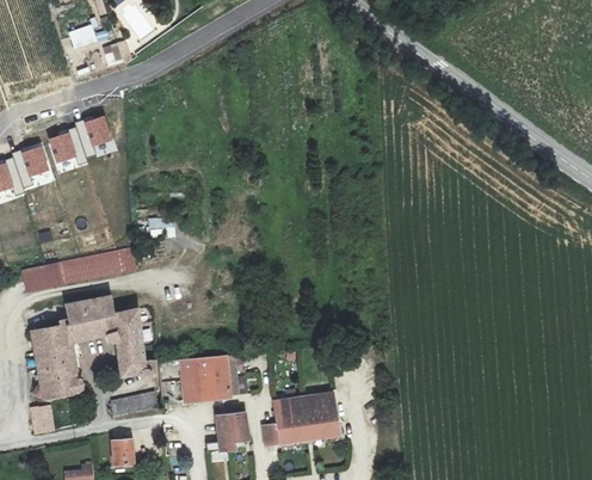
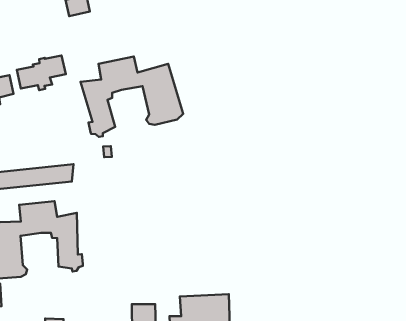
building: none -> [81,56,183,137]
building: [179,356,245,402] -> none
building: [115,392,162,417] -> none

